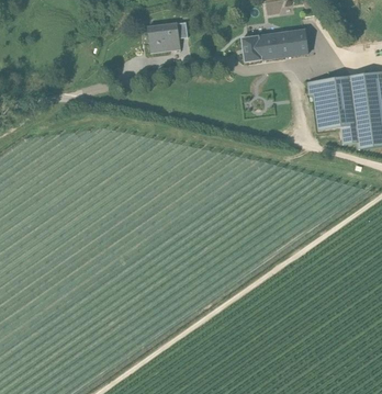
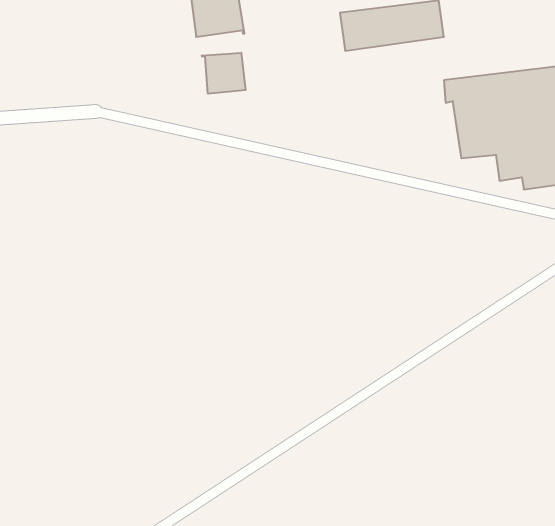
building: none -> [202,53,245,94]

